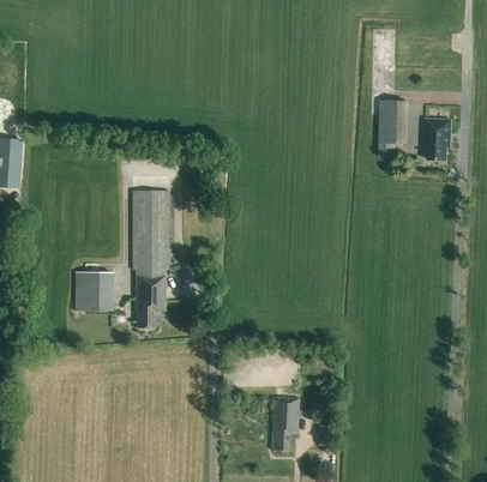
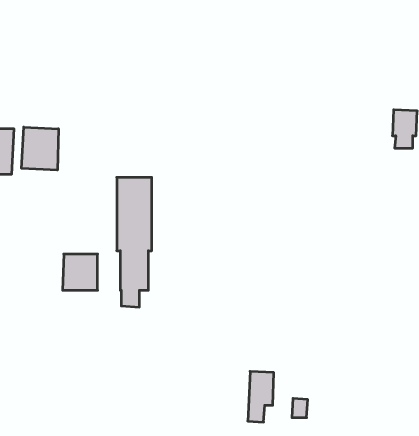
building: [379,100,405,157] -> none
building: none -> [22,127,58,170]

